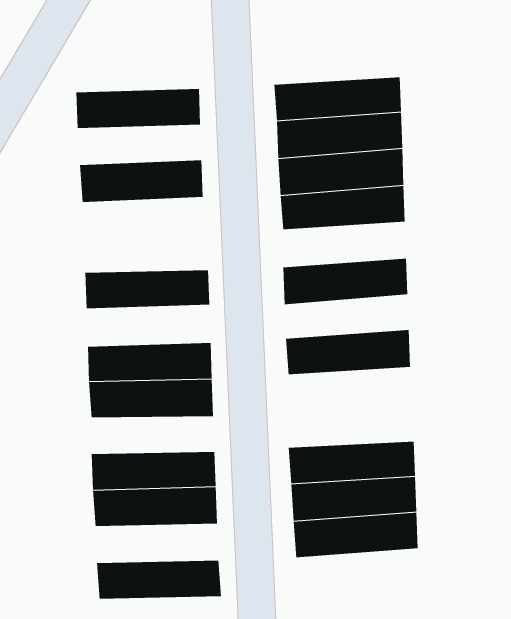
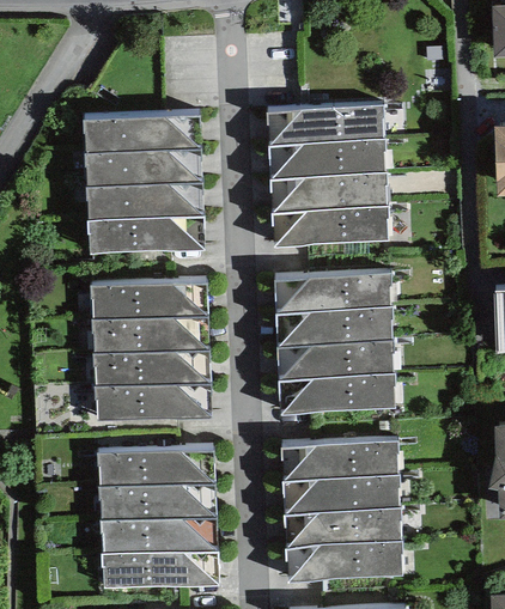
building: none -> [84,148,200,185]
building: none -> [89,215,202,252]
building: none -> [275,305,391,346]
building: none -> [92,315,208,353]
building: none -> [279,372,394,413]
building: none -> [101,517,215,553]
building: none -> [286,540,401,580]

